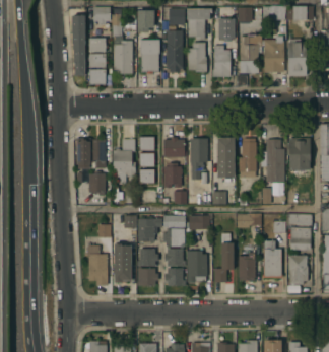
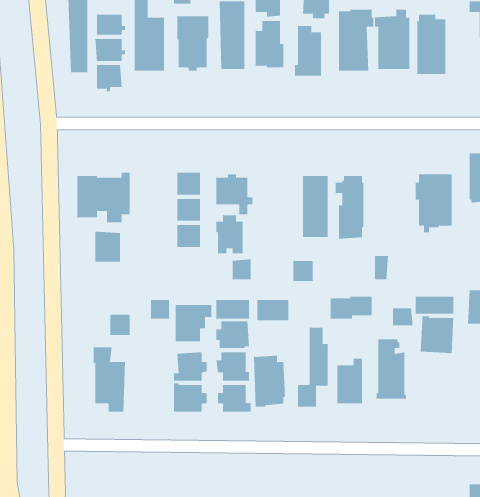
building: [190,139,207,180] -> none
building: [262,139,284,182] -> none
building: [113,140,135,185] -> none
building: [114,244,131,282] -> none
building: [289,255,308,284] -> none

